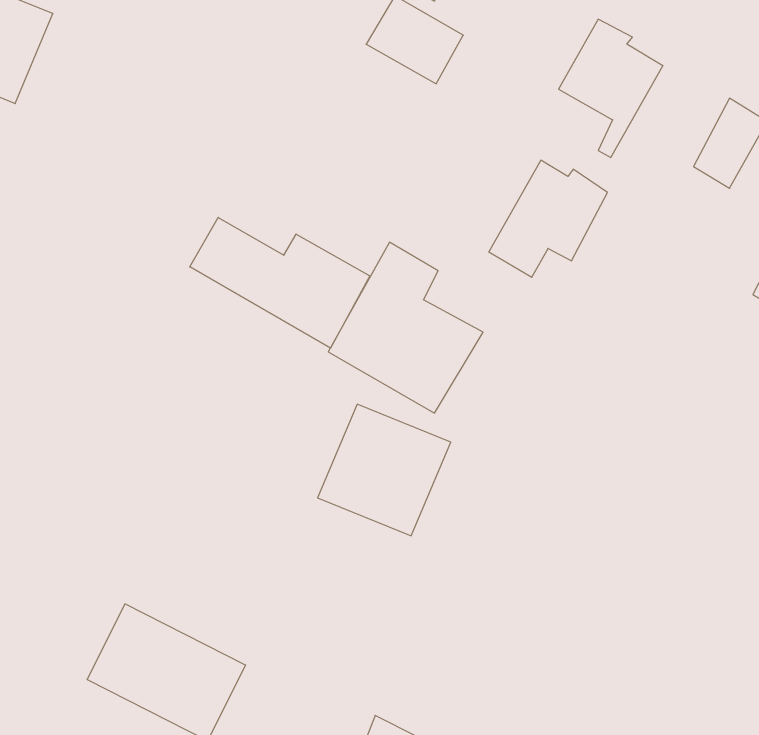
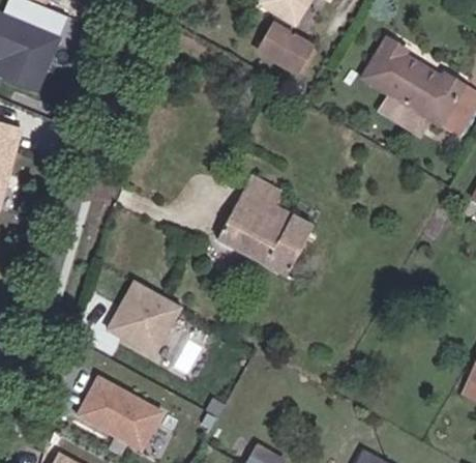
building: [489,160,607,277] -> [382,66,450,134]
building: [190,217,370,348] -> none
building: [318,404,451,536] -> [111,283,187,358]

